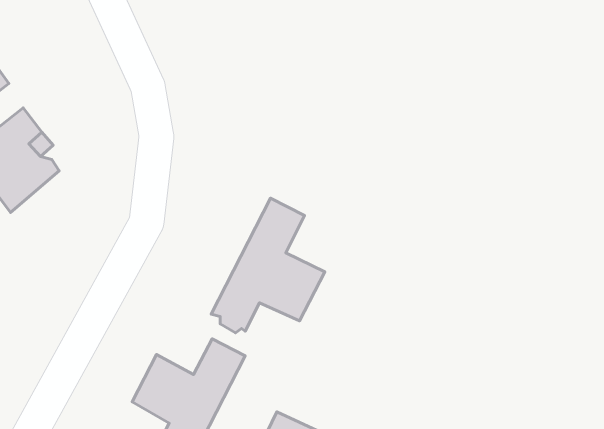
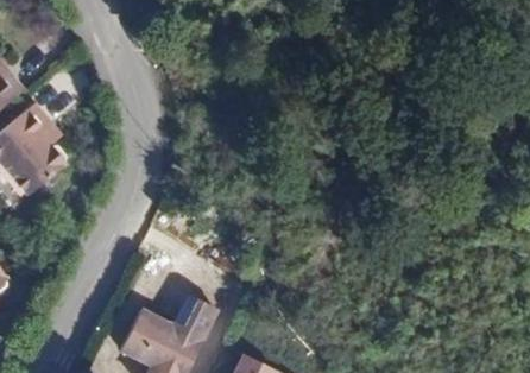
building: [211,198,325,333] -> none

